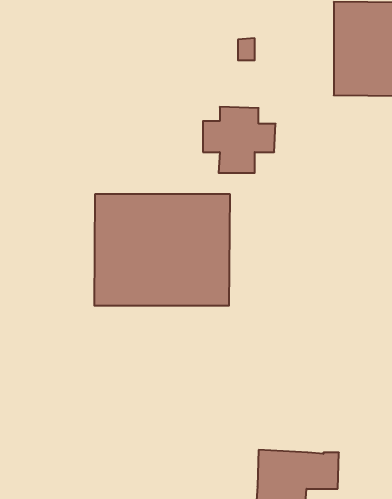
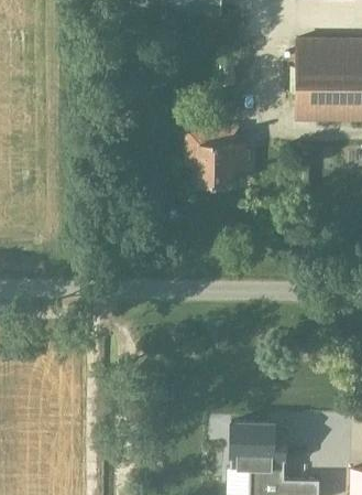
building: [94,194,230,306] -> none

